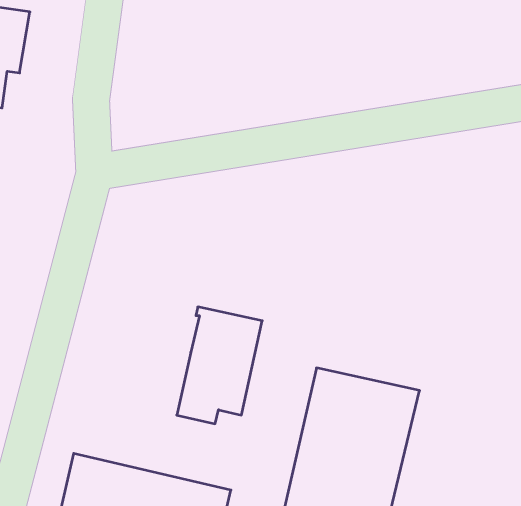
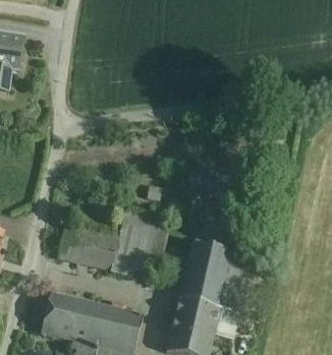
building: none -> [57,223,118,271]

